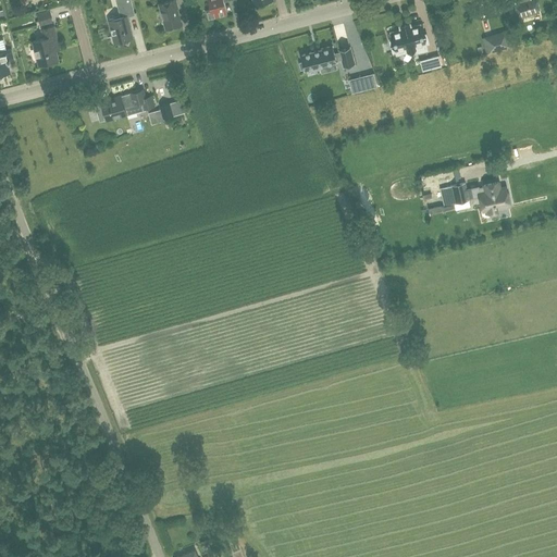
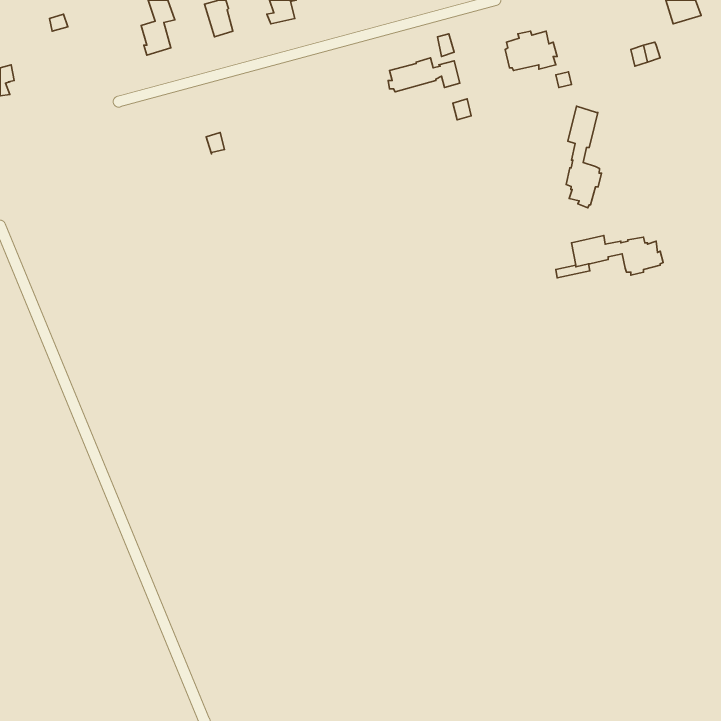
building: [33,26,58,64] -> none
building: none -> [566,106,602,208]
building: [96,88,156,121] -> none

